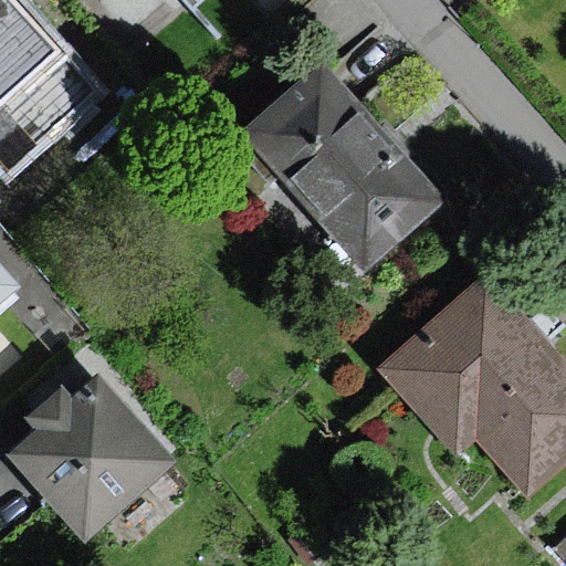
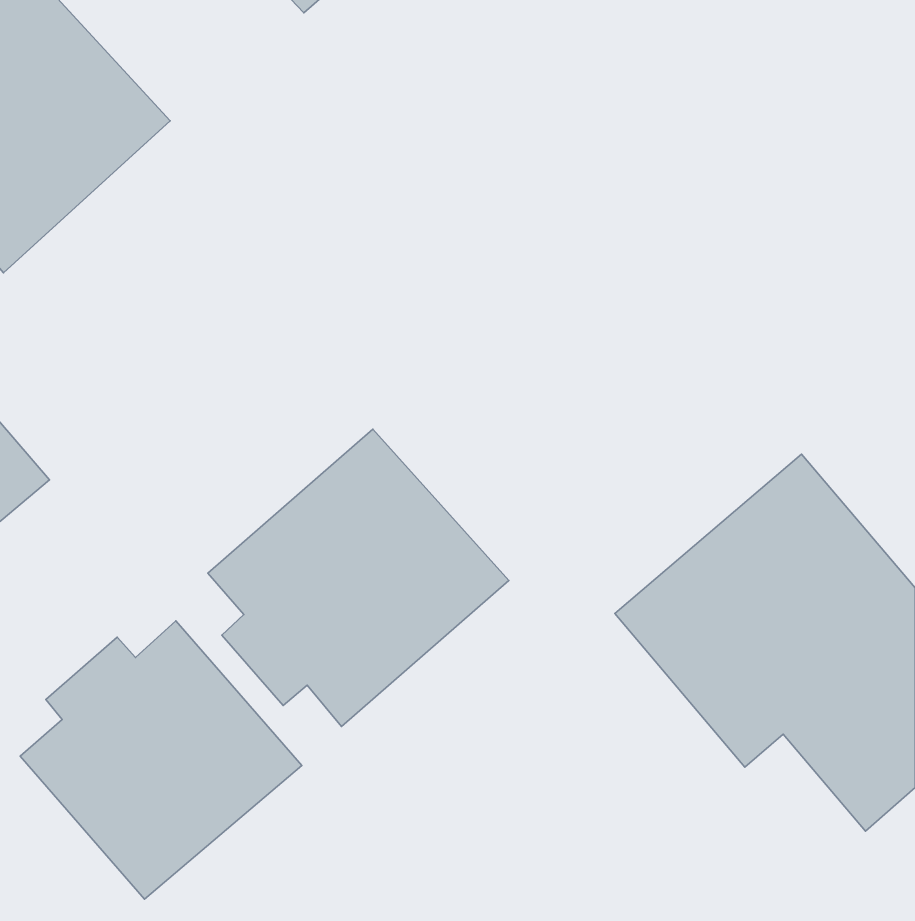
building: [240,62,429,254] -> none
building: none -> [208,429,509,726]

